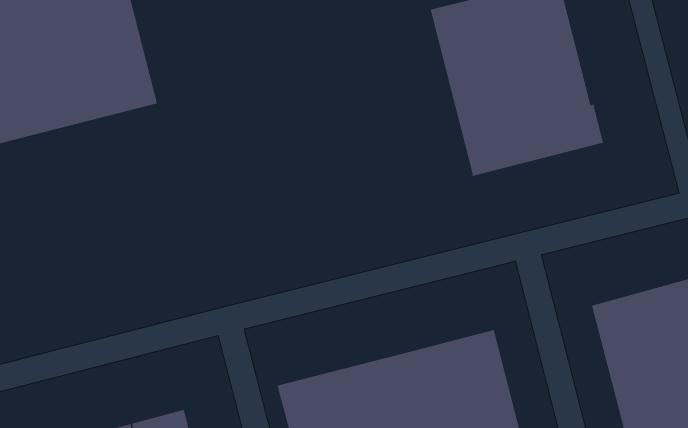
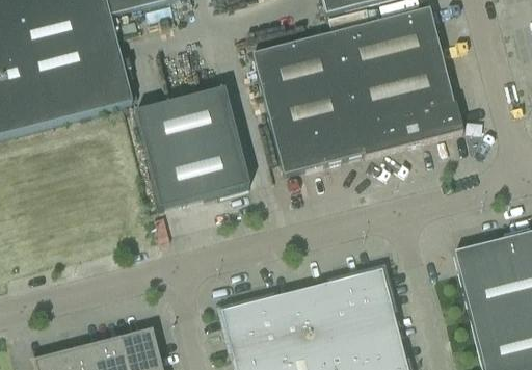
building: none -> [251,31,365,174]
building: none -> [134,88,248,208]

